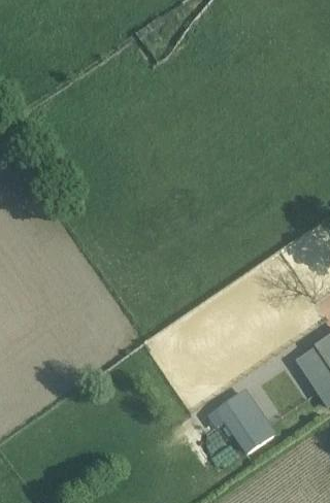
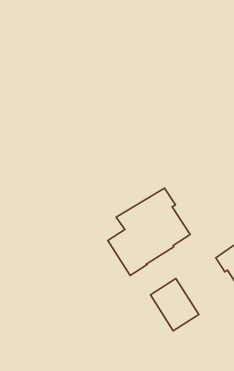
building: none -> [108,188,190,276]

